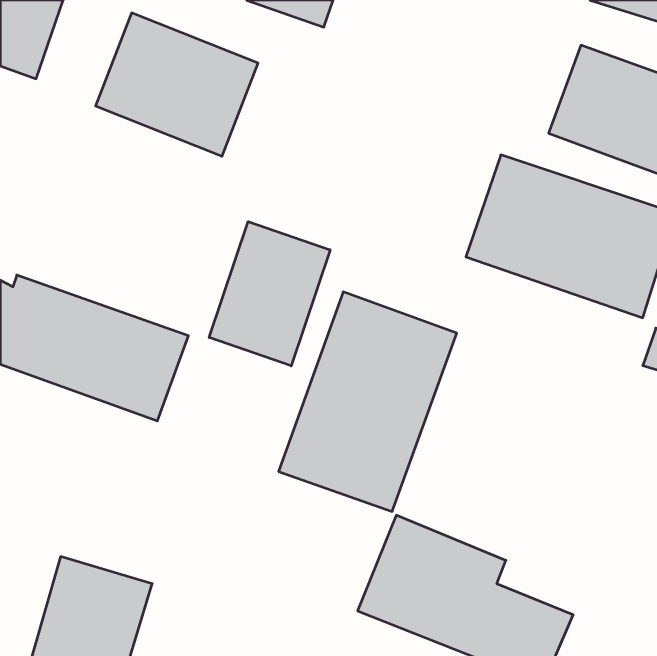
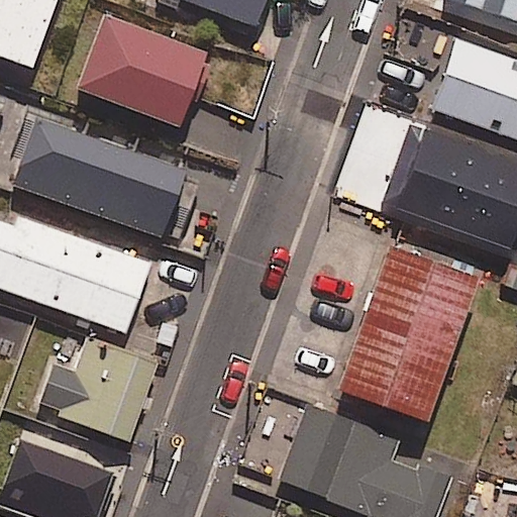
building: none -> [12,120,182,236]
building: [209,222,330,366] -> none
building: [279,292,457,511] -> [337,247,477,419]
building: none -> [39,331,165,440]

